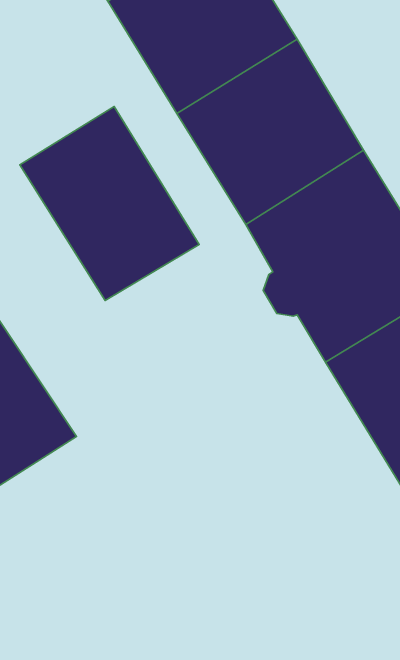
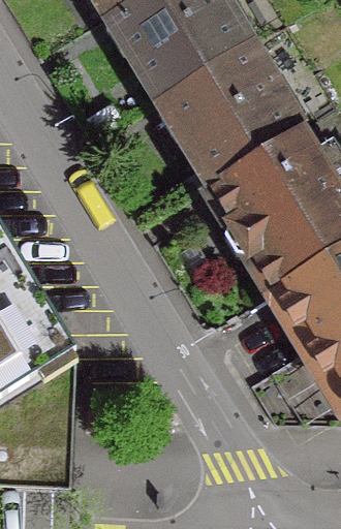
building: [20,107,199,300] -> none

